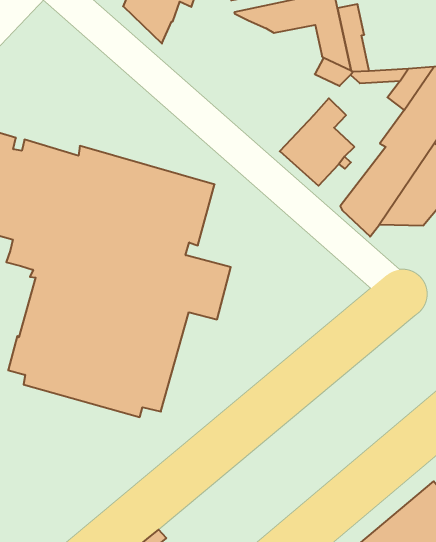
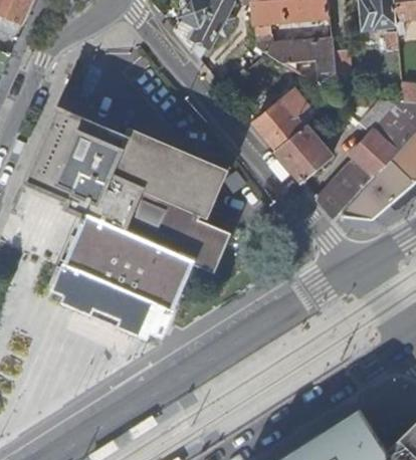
building: none -> [254,89,308,151]

